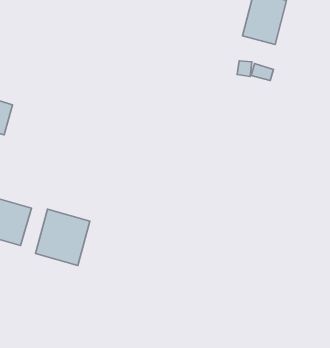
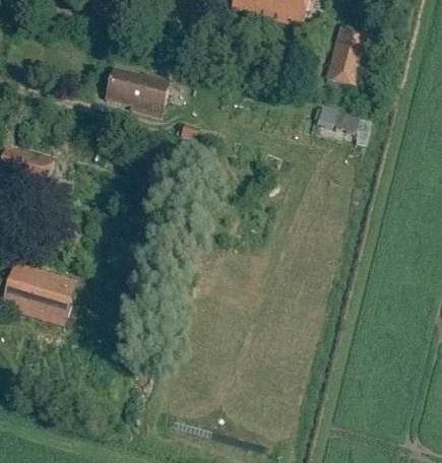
building: none -> [104,67,169,119]
building: [35,209,90,266] -> none

